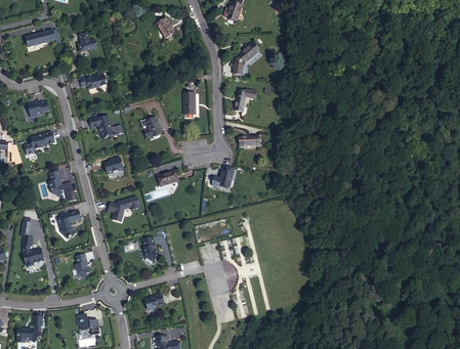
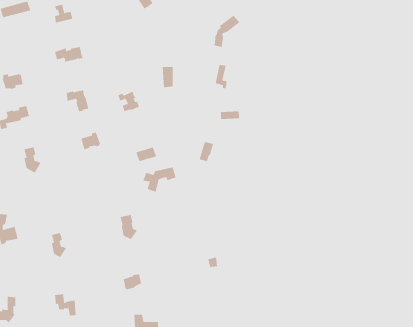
building: [108,198,140,222] -> [143,167,176,192]
building: [57,210,81,238] -> none

